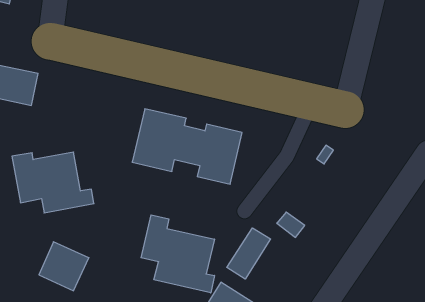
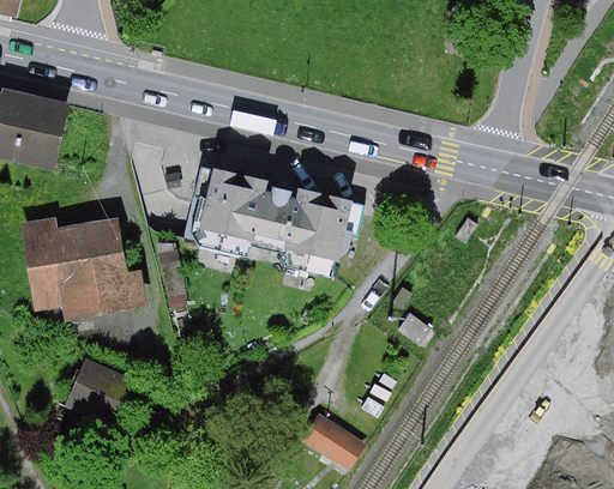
building: [141,215,214,293] -> none
building: [227,228,271,279] -> none

